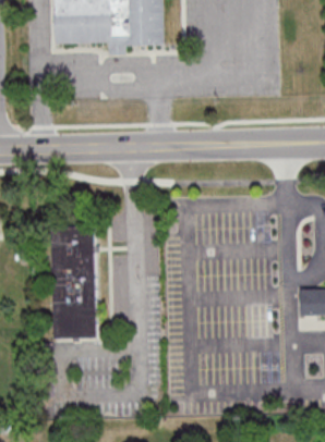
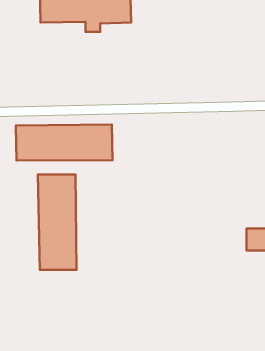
building: none -> [16,125,113,160]

